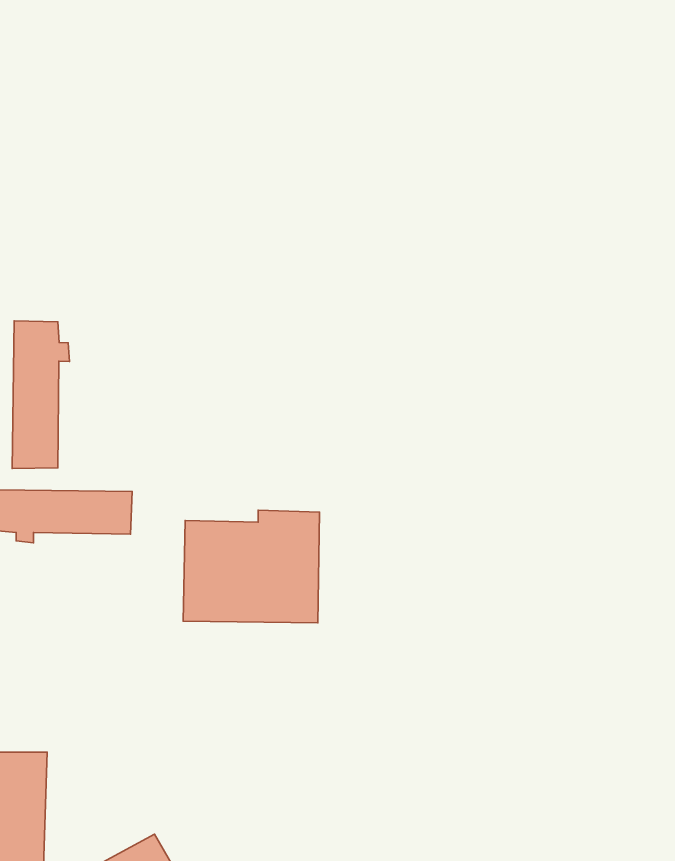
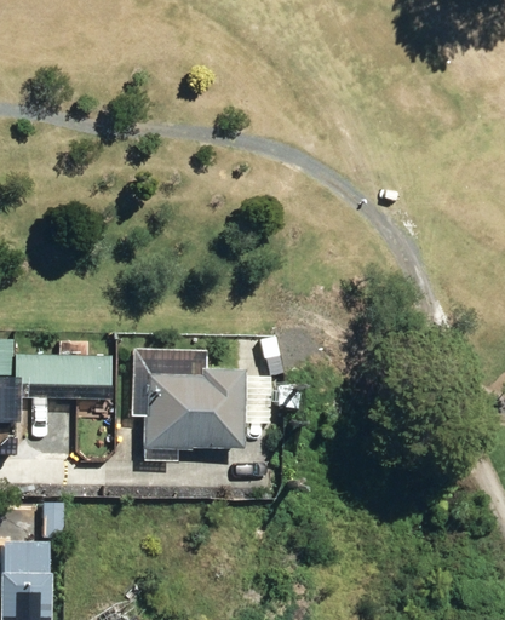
building: [12,321,70,469] -> none

